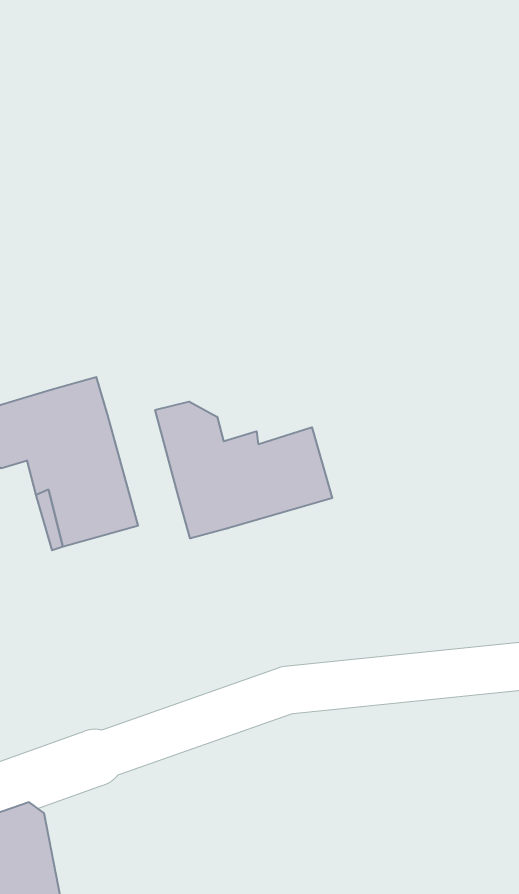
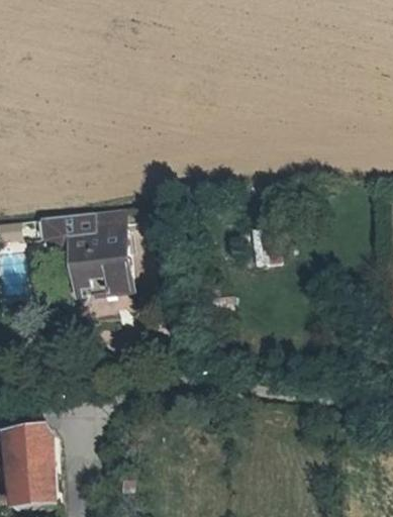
building: [155,402,332,538] -> none

